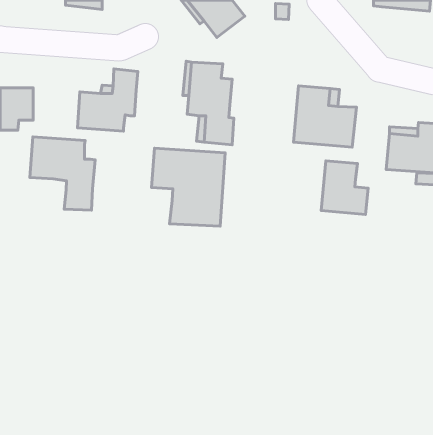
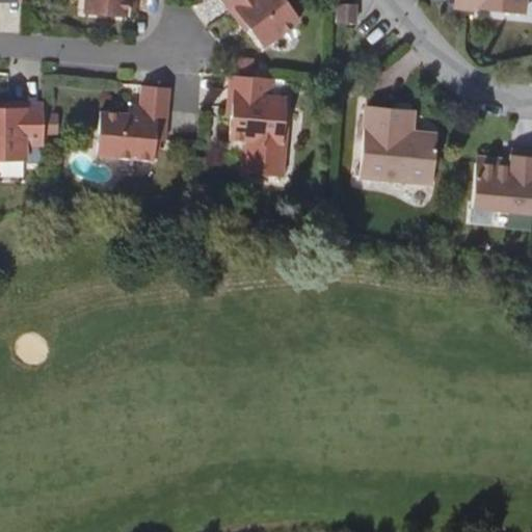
building: [30,137,95,210] -> none
building: [151,148,225,226] -> none
building: [321,161,368,215] -> none

